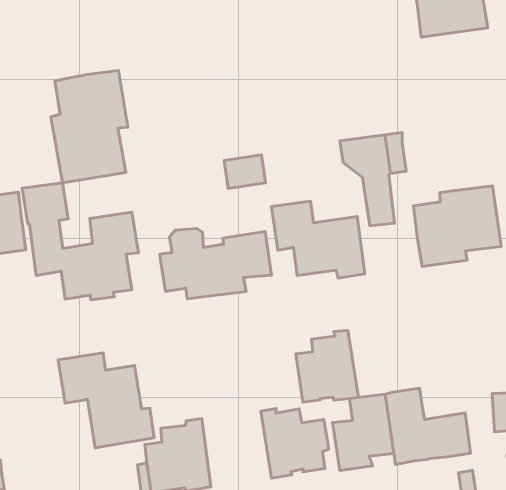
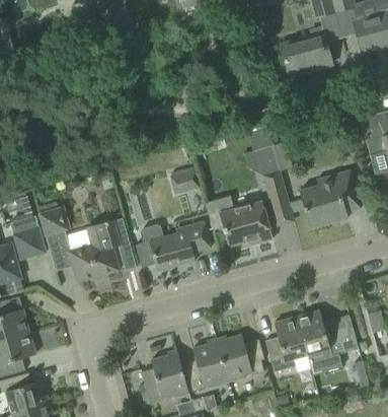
building: [51,71,128,183] -> none
building: [296,330,359,402] -> [183,339,229,391]
building: [58,353,154,448] -> none

